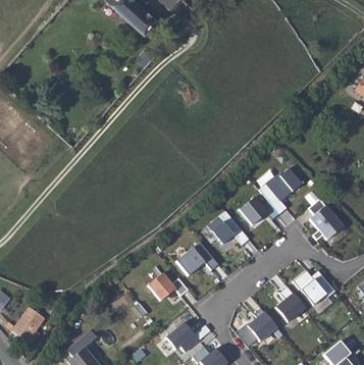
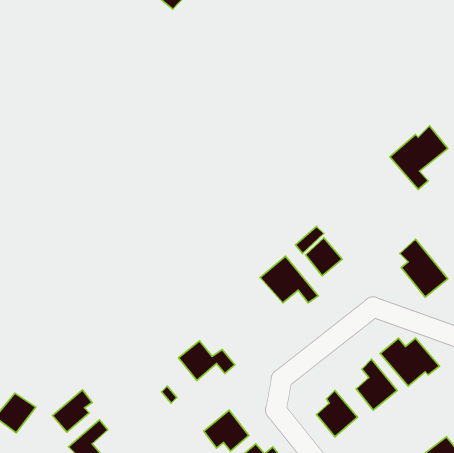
building: [259,168,301,214] -> [390,126,448,189]
building: [176,242,218,276] -> none
building: none -> [52,390,92,432]

